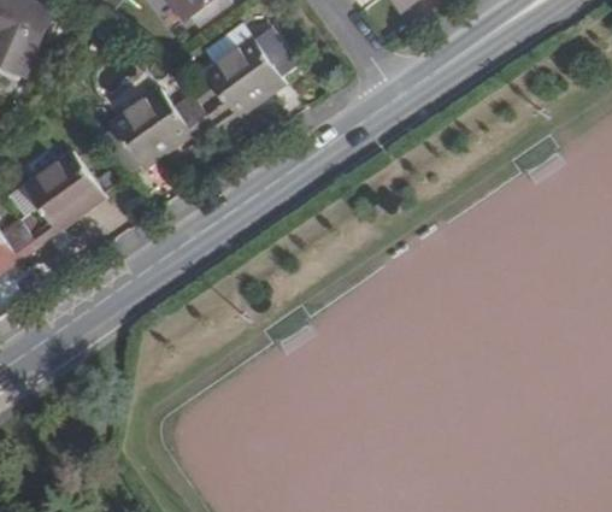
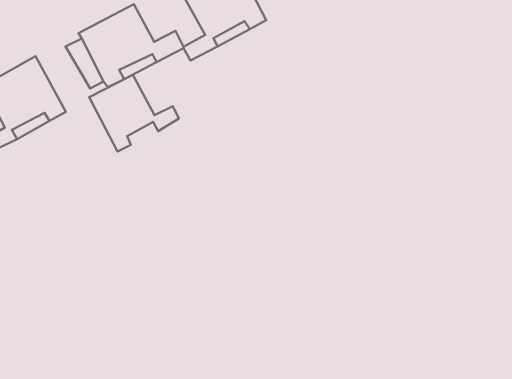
building: none -> [89,75,179,152]

